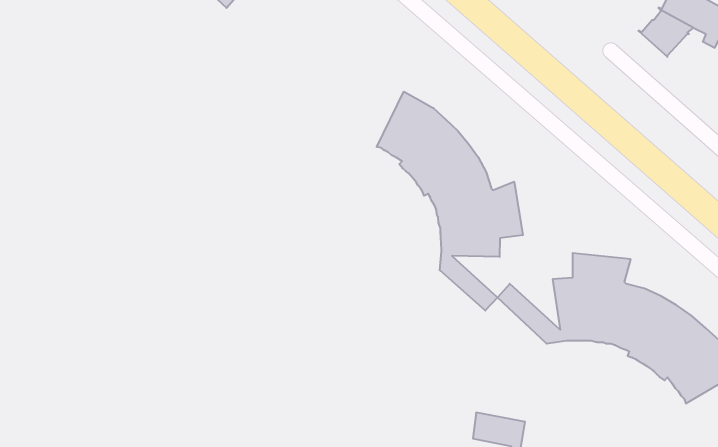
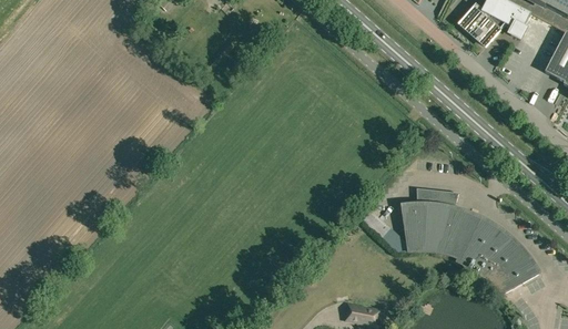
building: [377,92,523,311] -> none

